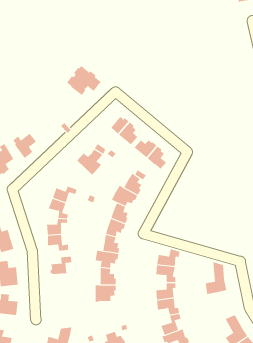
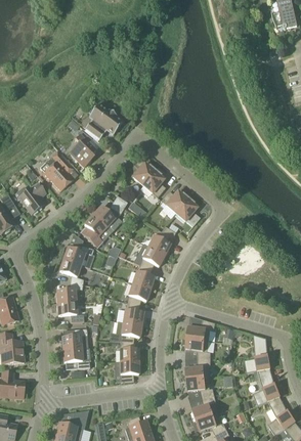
building: none -> [69,129,95,167]
building: none -> [39,150,73,189]
building: none -> [80,215,111,247]
building: none -> [60,348,89,367]
building: none -> [252,367,280,405]

